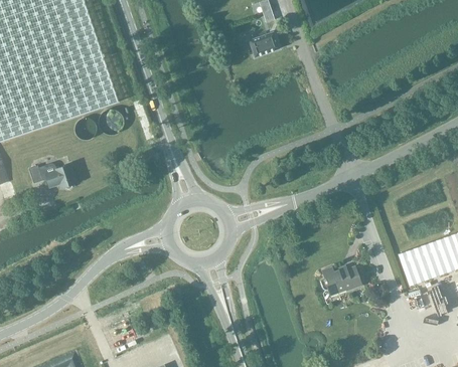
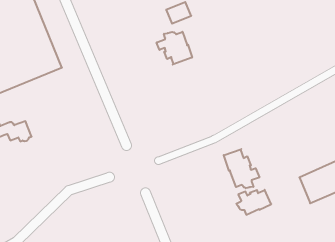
building: none -> [157,32,192,65]
building: none -> [224,149,259,188]

